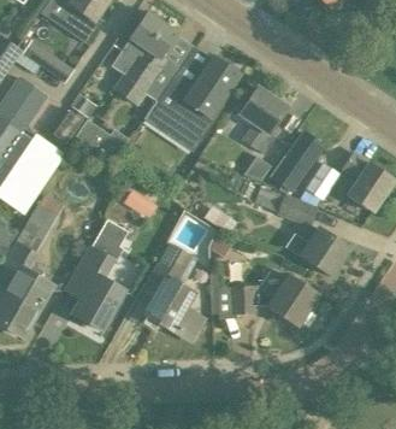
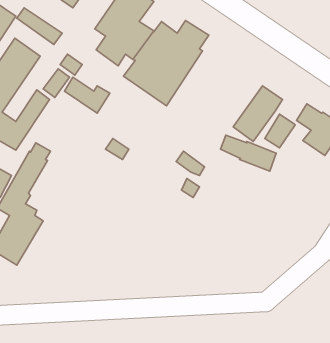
building: [241,86,289,166] -> none
building: [72,219,128,329] -> none
building: [284,227,350,275] -> none
building: [143,243,205,337] -> none
building: [209,271,319,324] -> none

